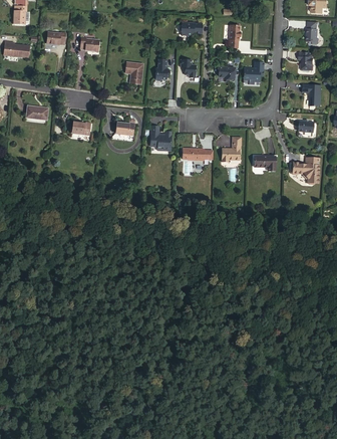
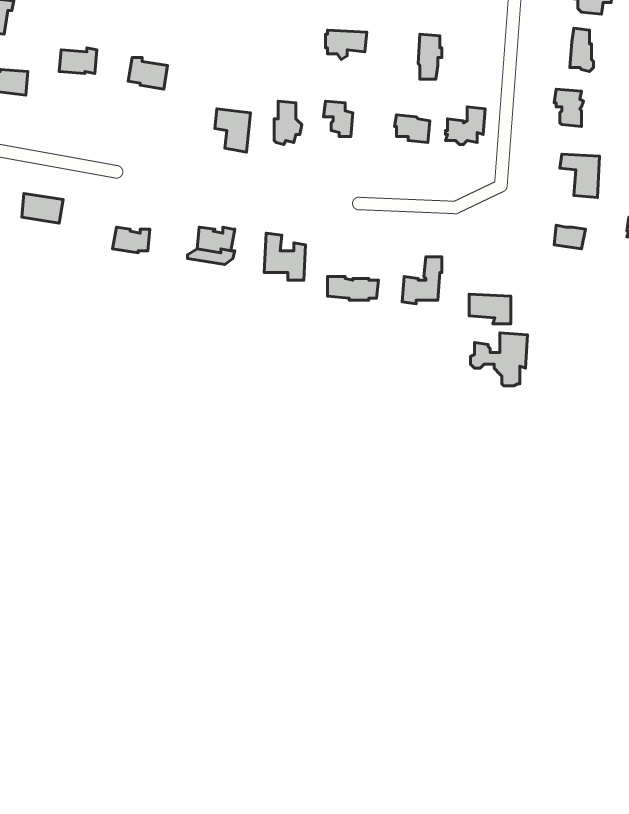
building: [291,159,320,186] -> [470,333,528,386]

